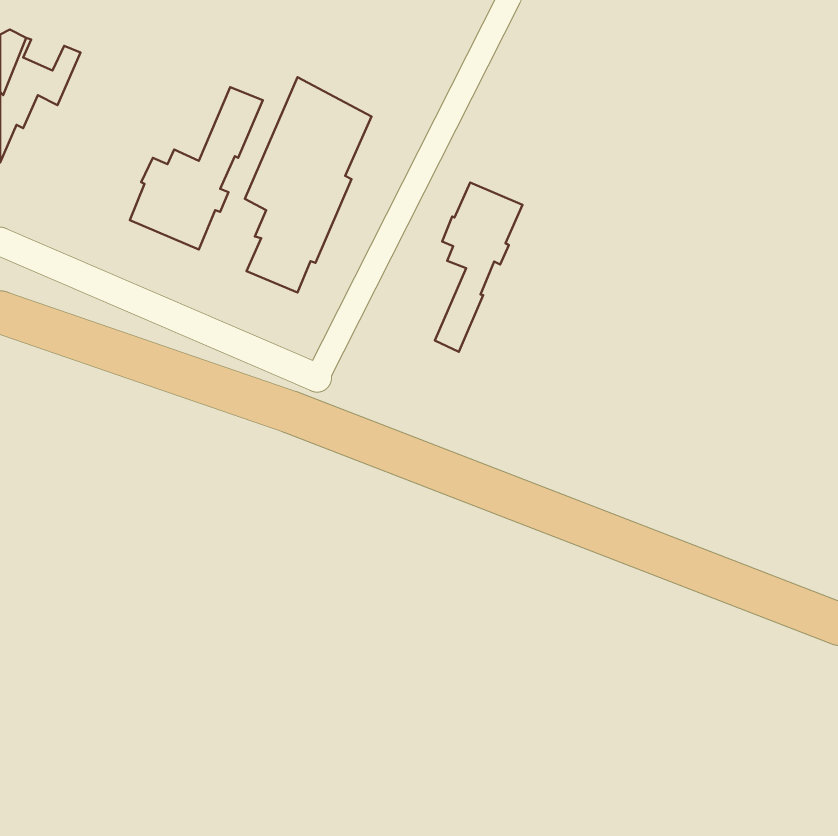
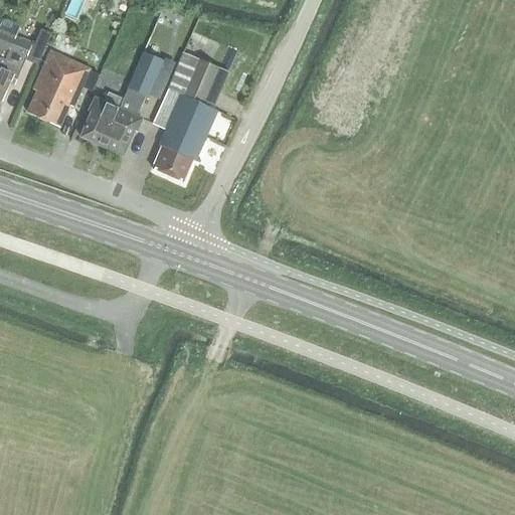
building: none -> [27,51,89,125]
building: [435,182,522,352] -> none

